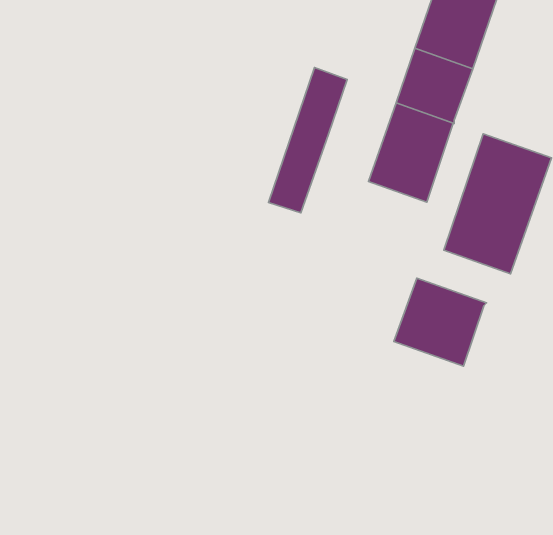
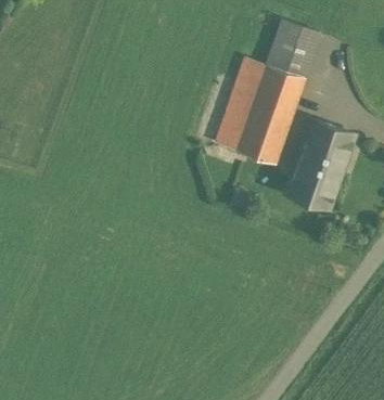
building: [268,67,347,213] -> [217,59,267,151]
building: [394,278,486,366] -> none

